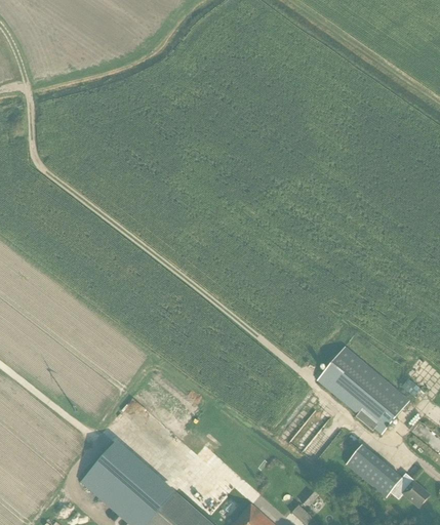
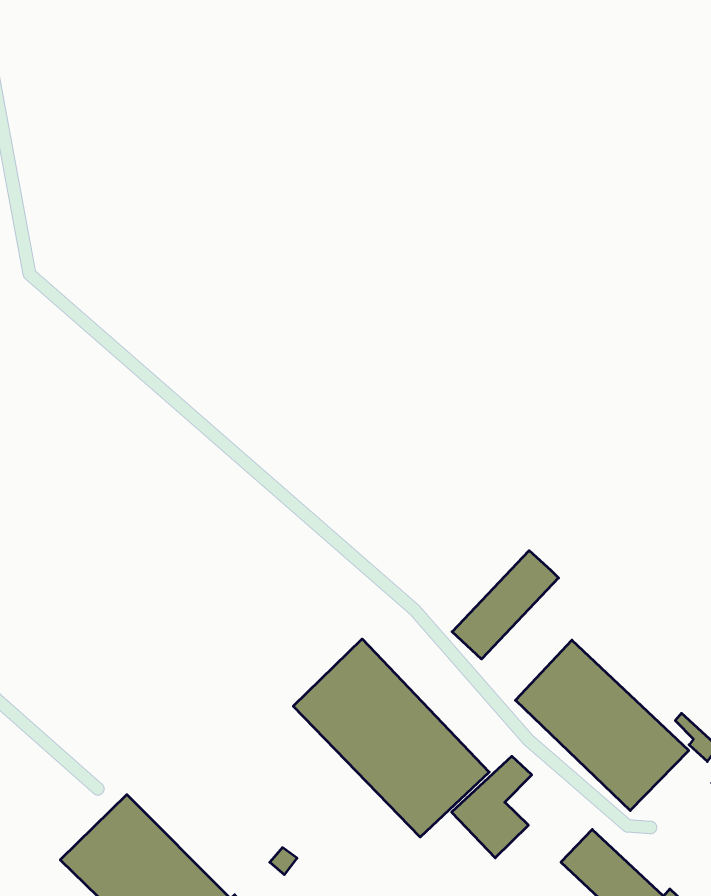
building: none -> [452,551,559,659]
building: none -> [293,639,489,837]

